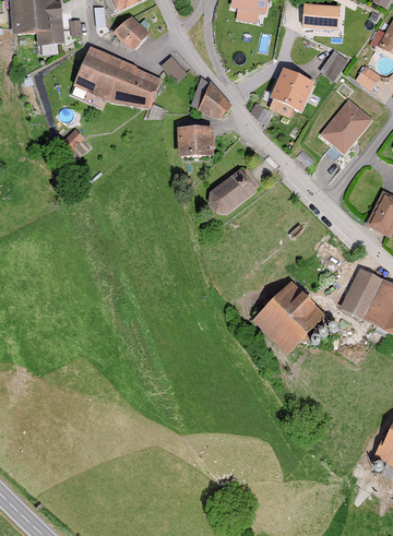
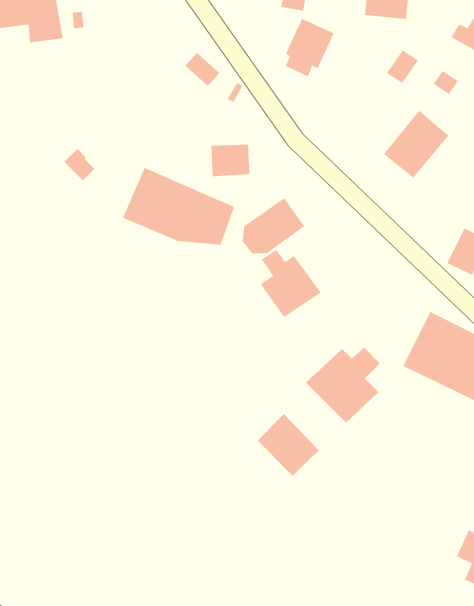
building: [116,17,147,47] -> none
building: [71,46,160,108] -> [122,167,235,245]
building: [272,69,311,116] -> [285,18,335,77]
building: [196,82,233,120] -> none
building: none -> [260,249,322,318]
building: none -> [257,413,320,477]

